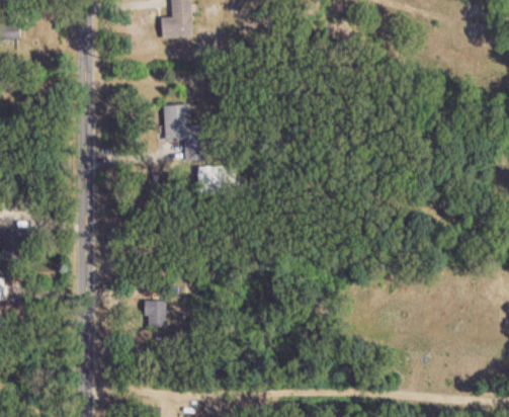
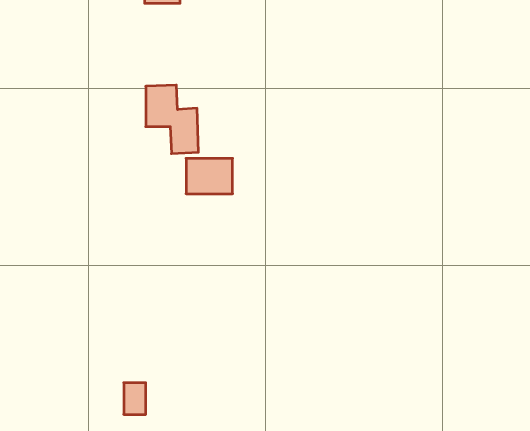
building: [147,301,165,327] -> [124,383,146,414]

